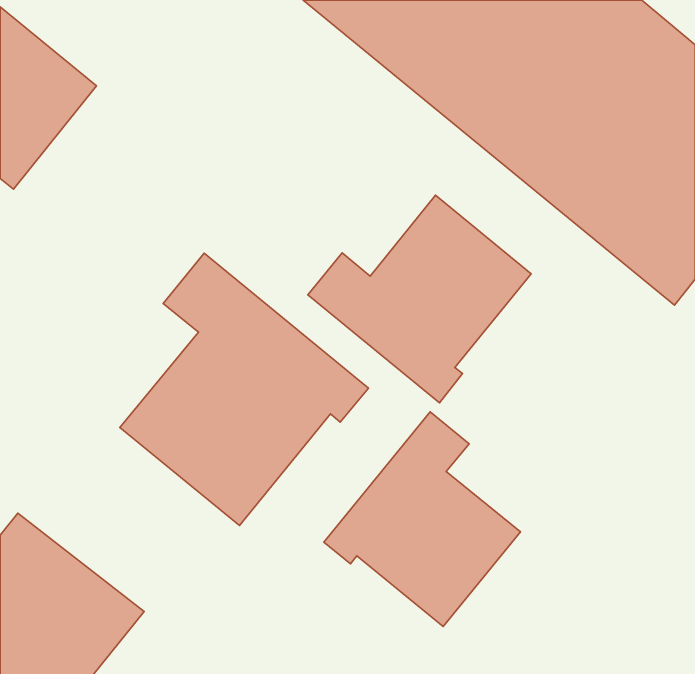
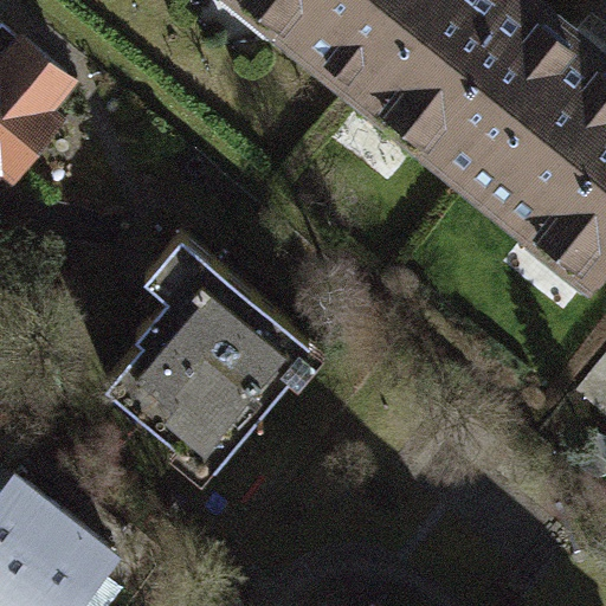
building: [308,195,531,403] -> none
building: [324,412,521,627] -> none

